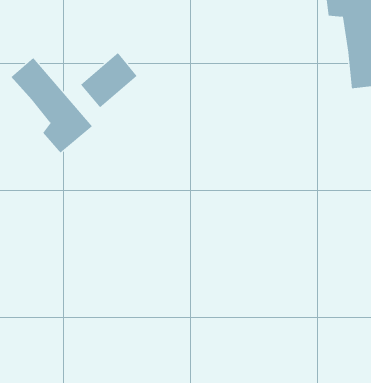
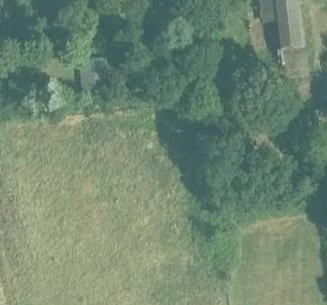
building: [11,57,93,154] -> none

